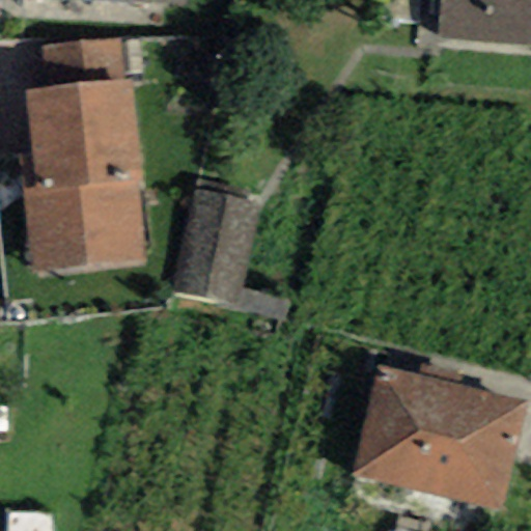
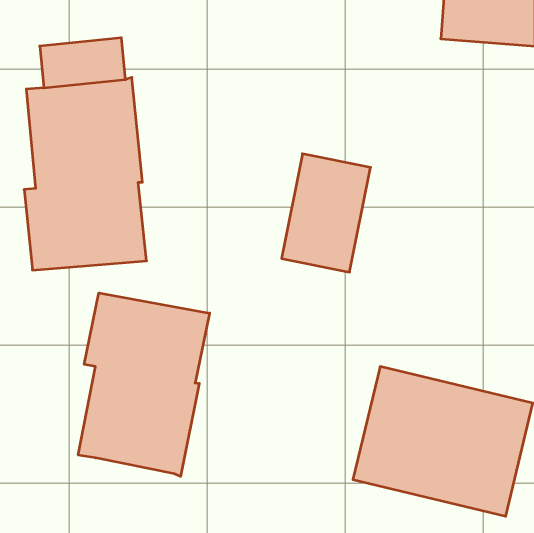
building: [173,187,261,304] -> [282,154,371,272]
building: none -> [78,293,210,476]

